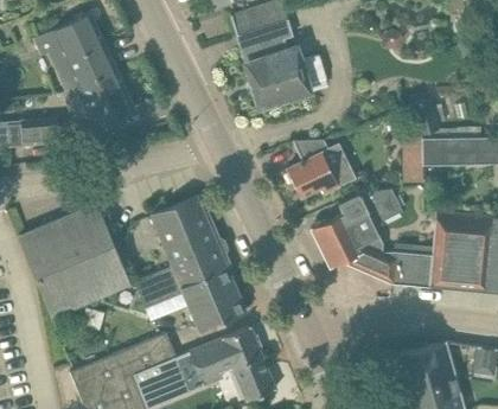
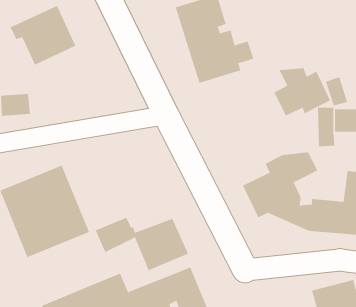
building: [63,62,135,127] -> none
building: [287,139,356,197] -> [273,68,331,116]
building: [151,196,229,285] -> none

